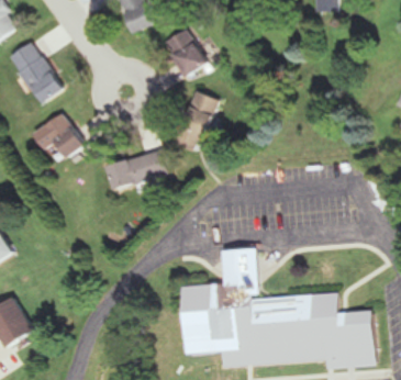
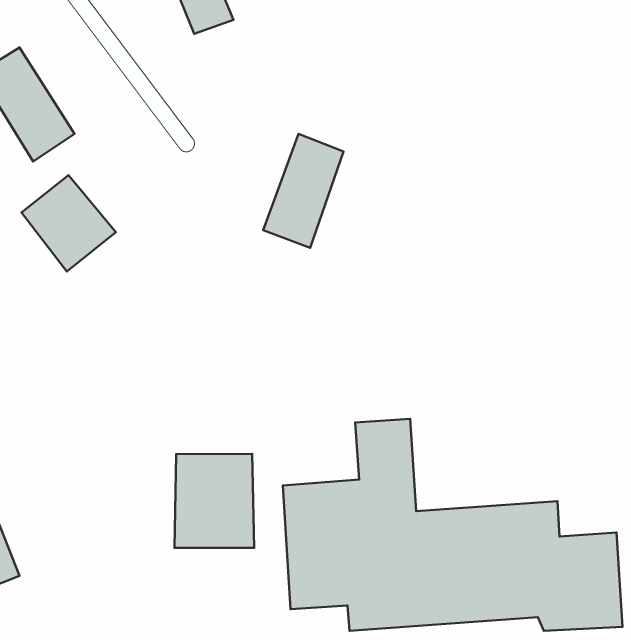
building: [164,29,205,76] -> none
building: [105,149,166,189] -> none
building: none -> [174,454,254,548]

